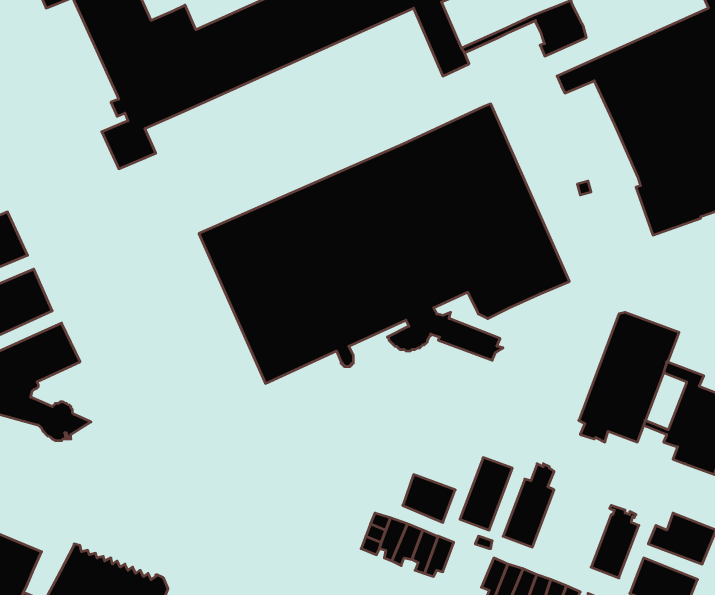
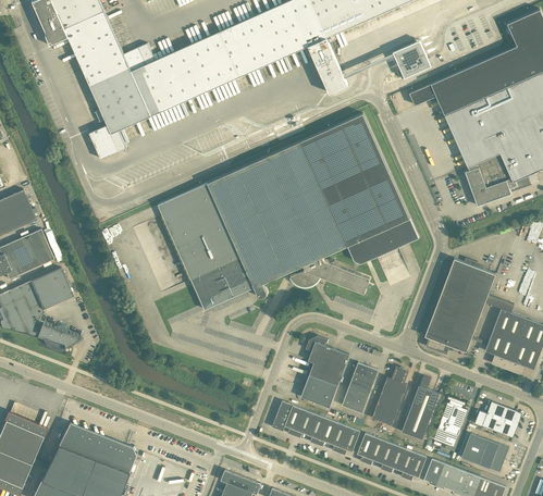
building: none -> [305,336,348,385]
building: none -> [400,375,439,439]
building: none -> [329,422,359,455]

